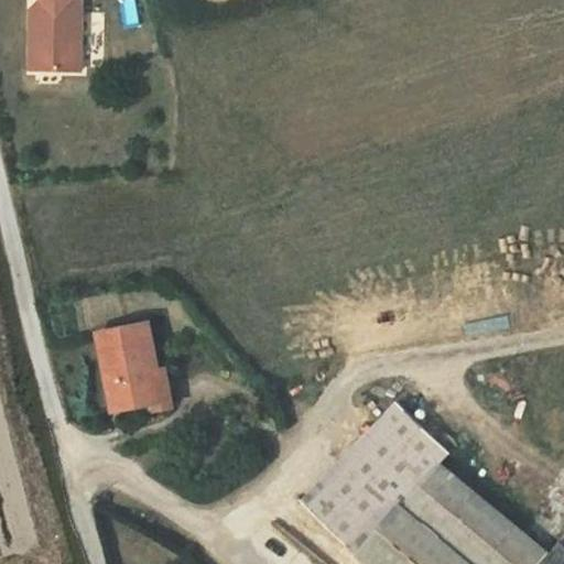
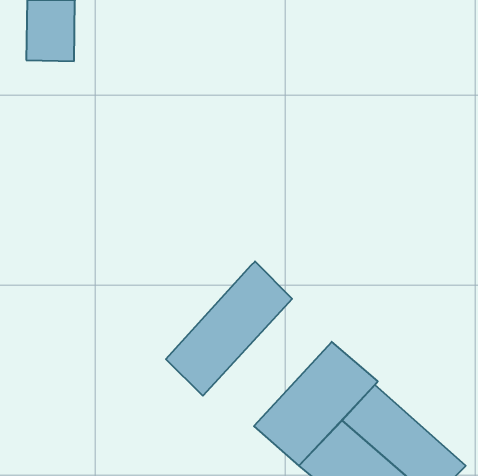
building: none -> [166,261,292,396]
building: [85,318,156,404] -> none

